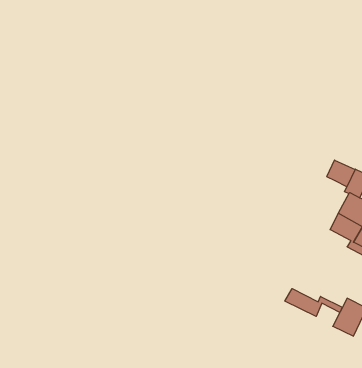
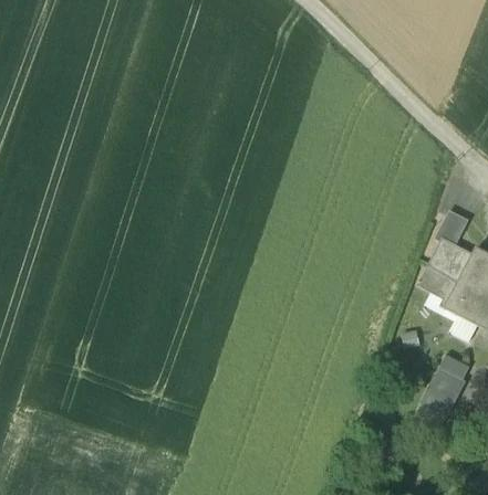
building: [327,160,355,187] -> none
building: [285,289,342,316] -> none

